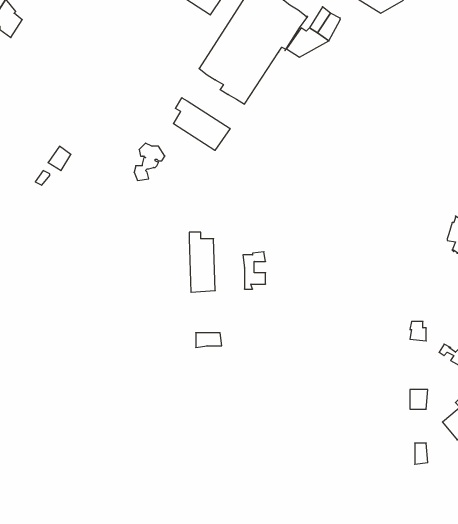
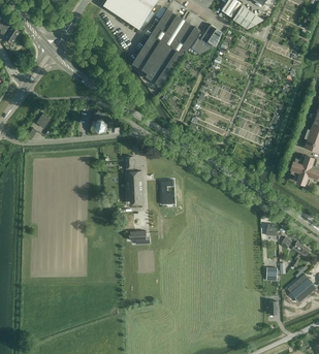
building: [173,98,230,150] -> none

